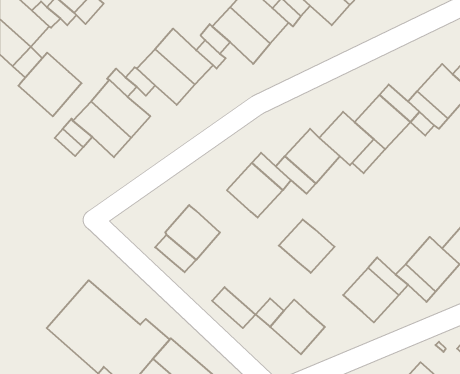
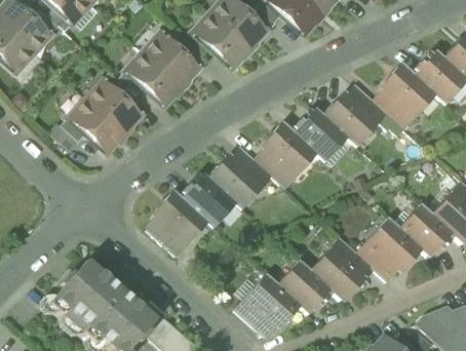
building: [18,53,82,116] -> none
building: none -> [182,174,231,223]
building: [279,219,335,273] -> [281,265,332,313]
building: [212,287,255,328] -> [237,303,276,340]

